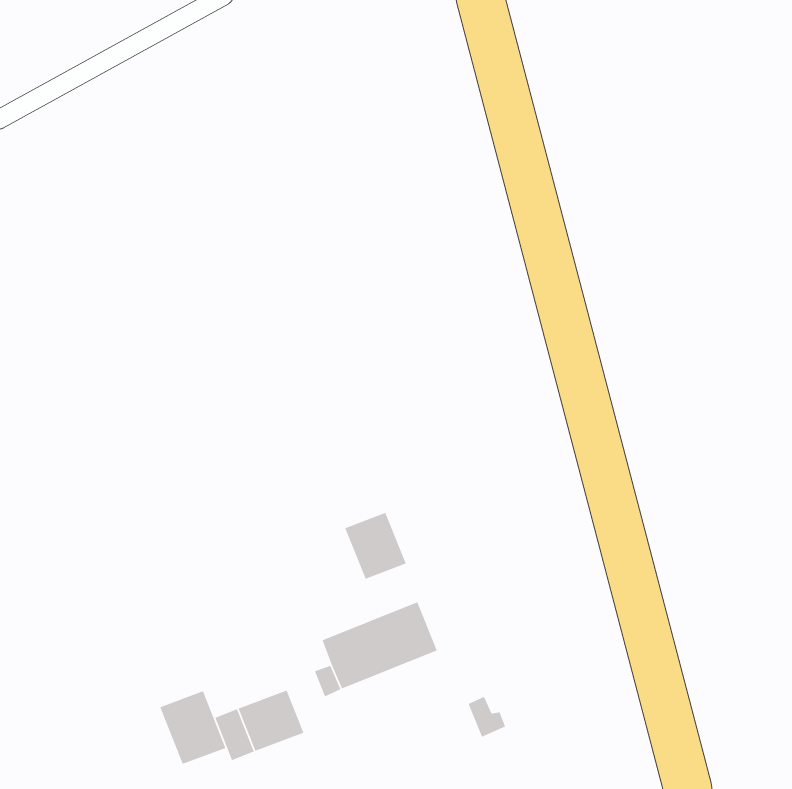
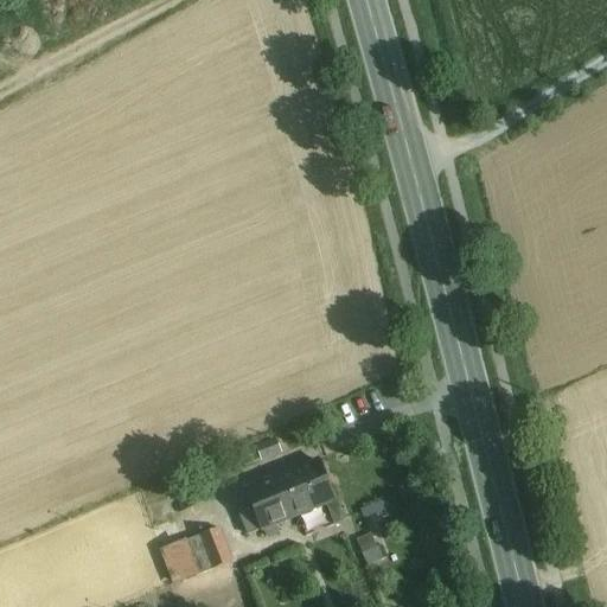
building: [344,512,407,580] -> none
building: [159,690,226,765] -> none

